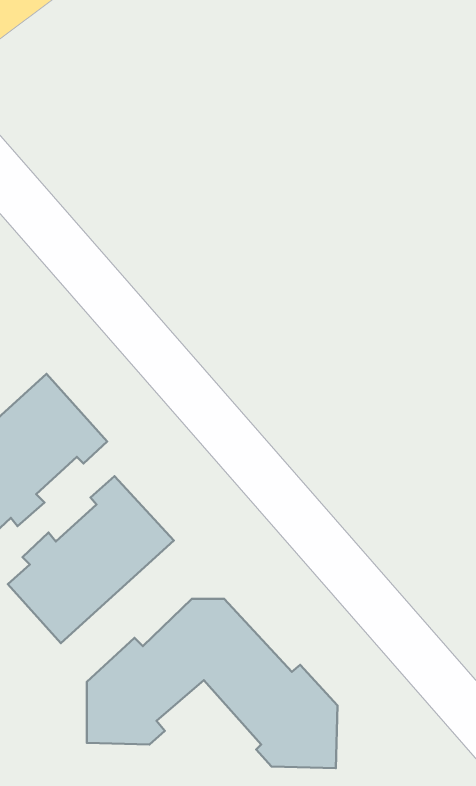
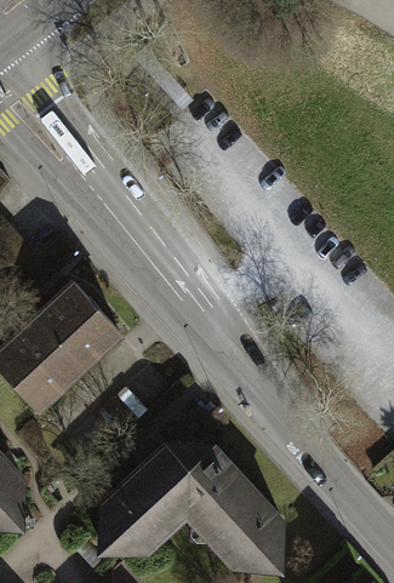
building: [8,476,174,643] -> none

